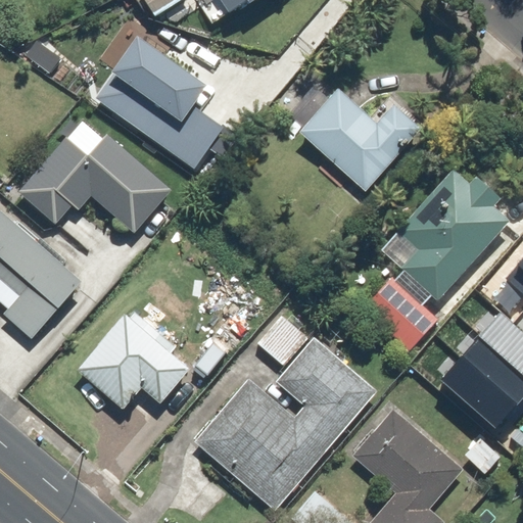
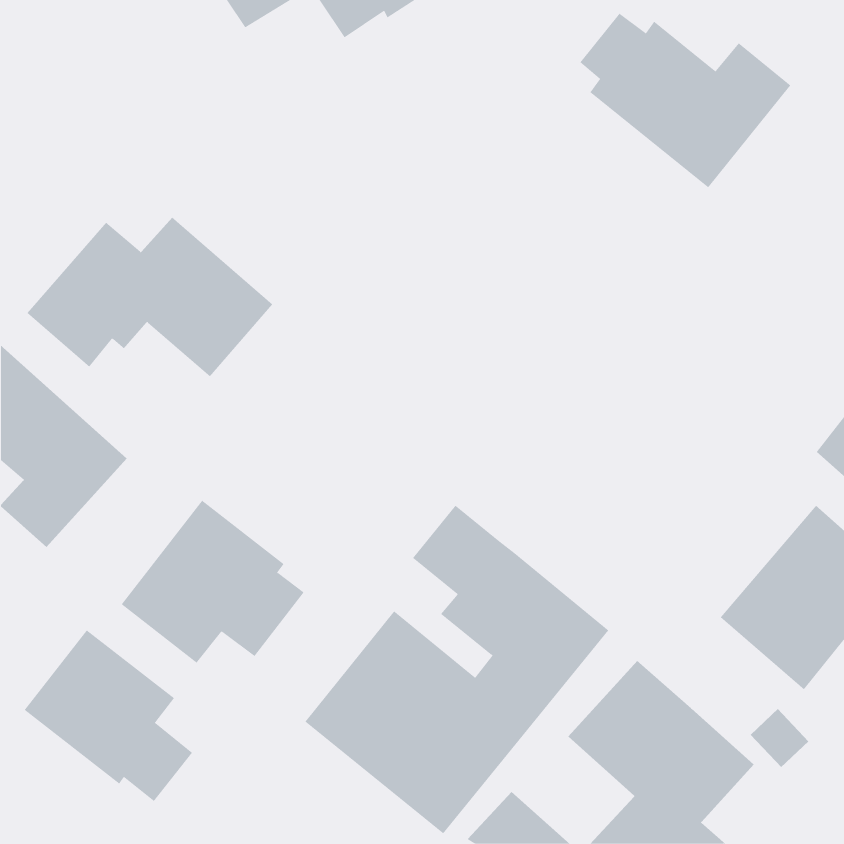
building: [76,21,209,155] -> none
building: [289,85,420,193] -> [579,13,791,188]
building: [360,171,507,358] -> none
building: none -> [24,630,193,802]

